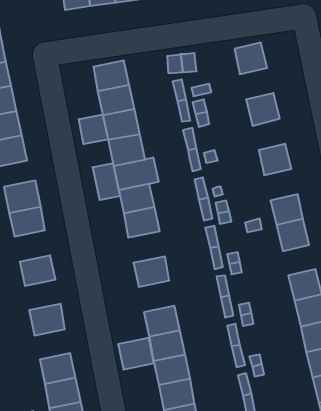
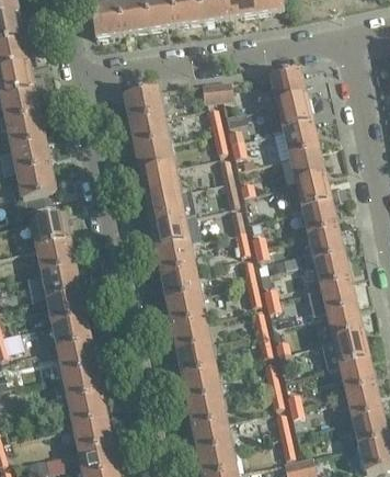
building: none -> [276,95,311,128]
building: [79,115,108,144] -> none
building: none -> [289,148,323,181]
building: [93,163,120,200] -> none
building: none -> [301,201,336,234]
building: none -> [42,264,79,297]
building: none -> [160,265,198,298]
building: none -> [321,280,355,311]
building: none -> [53,316,90,348]
building: none -> [62,367,100,399]
building: [118,338,154,370] -> [171,317,208,350]

